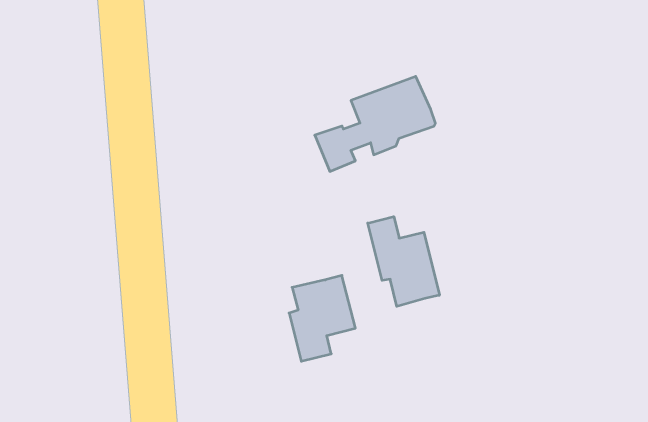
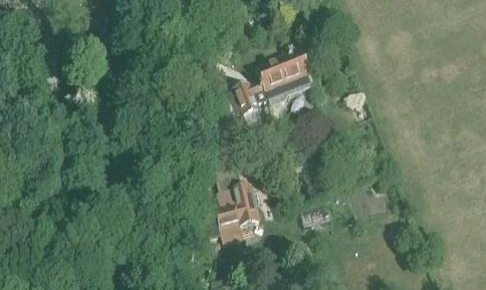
building: [368,217,439,306] -> none

